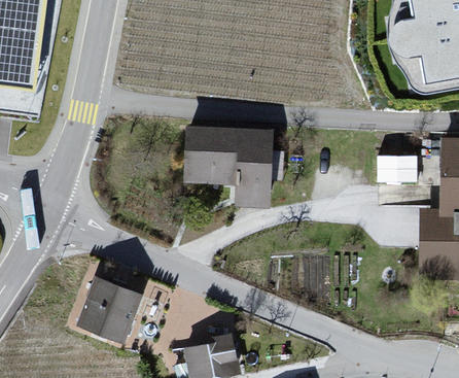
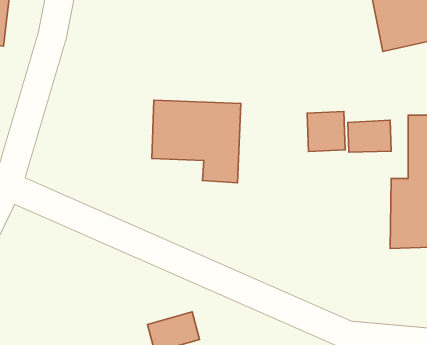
building: none -> [307,111,345,151]
building: [75,280,142,346] -> none

